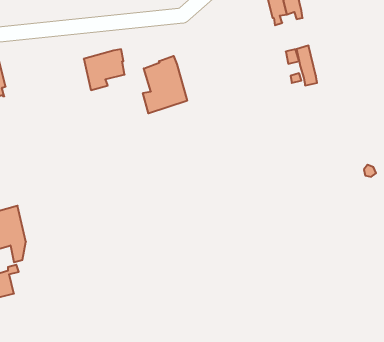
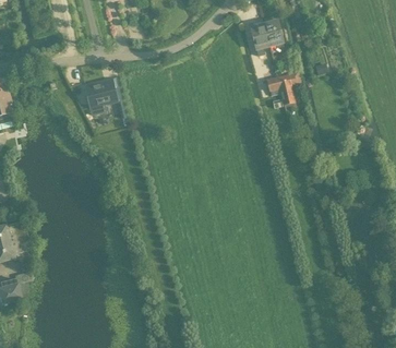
building: [143,56,187,113] -> none

